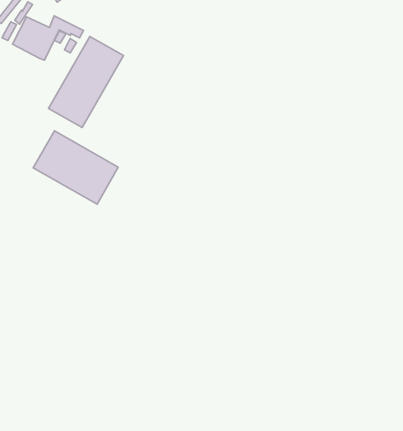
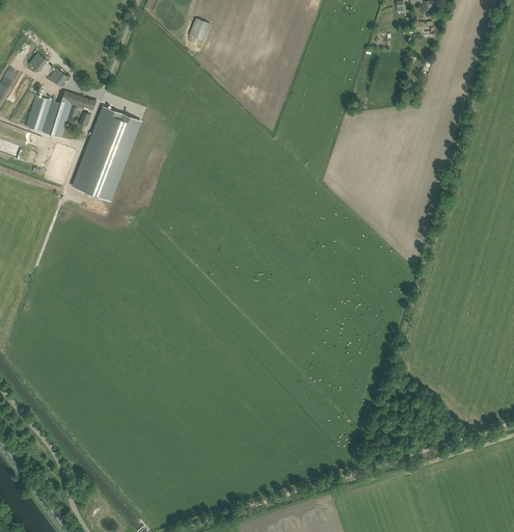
building: [33,131,118,204] -> none

